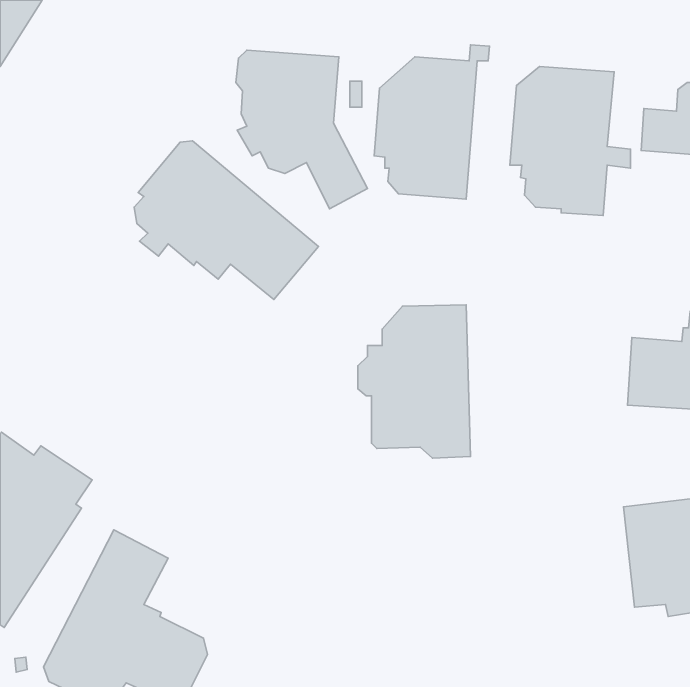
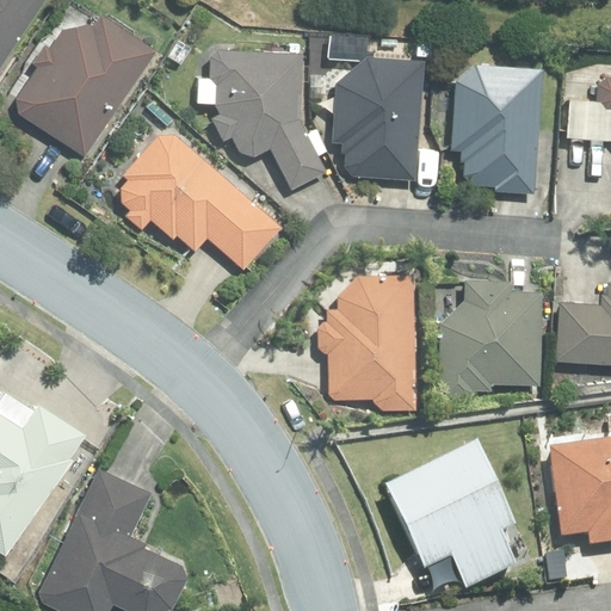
building: none -> [16,12,158,159]
building: none -> [438,279,539,399]
building: none -> [388,445,513,587]

